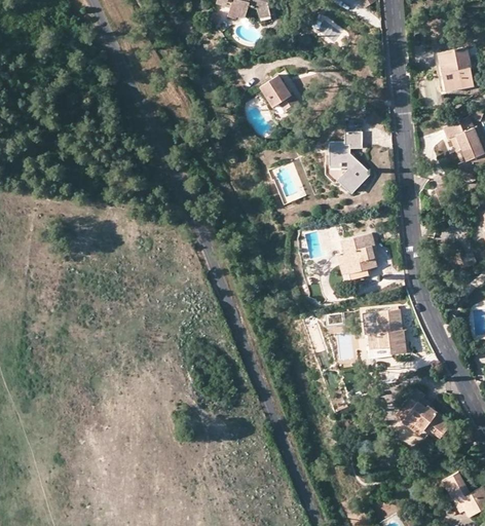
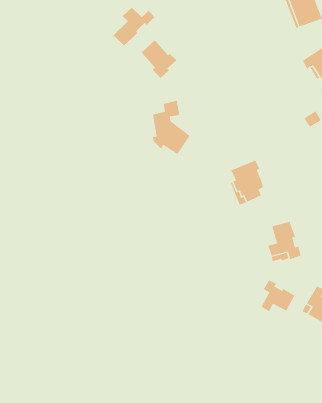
building: none -> [112,7,155,46]
building: [326,132,370,194] -> [152,100,191,155]
building: none -> [261,279,295,312]

